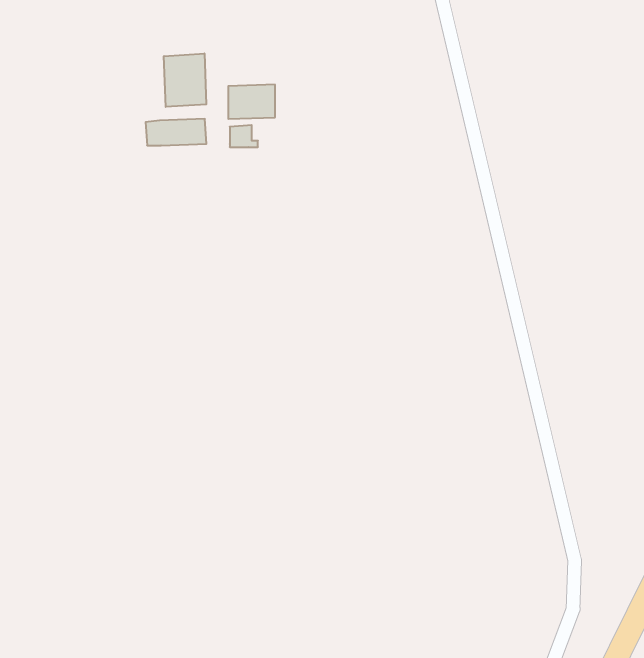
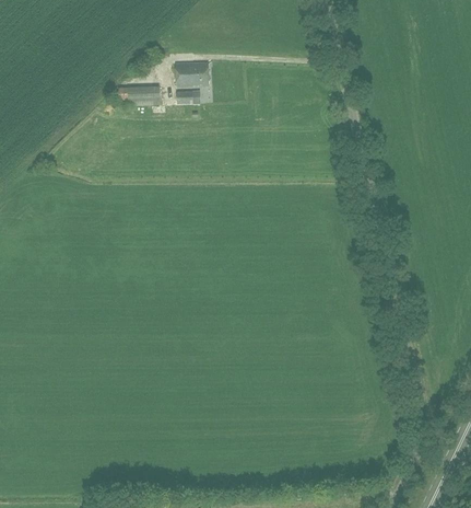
building: [164,53,206,107] -> none

